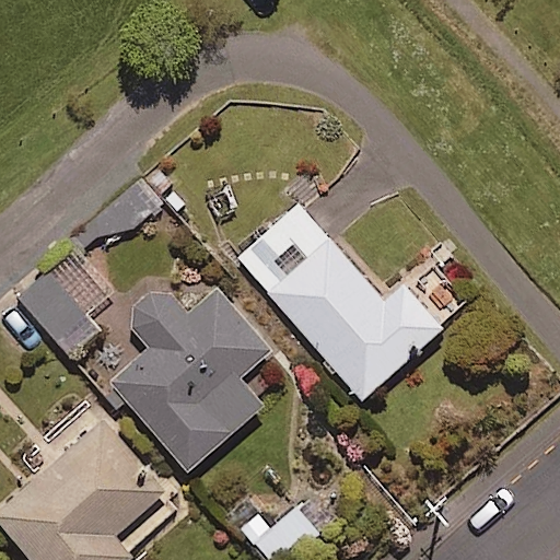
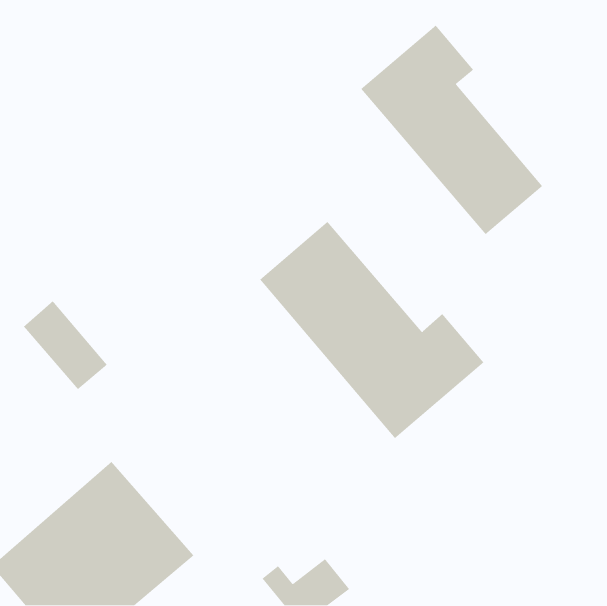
building: none -> [360,25,543,235]
building: [110,285,267,472] -> none

